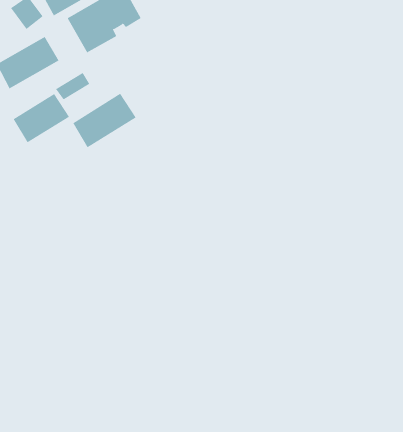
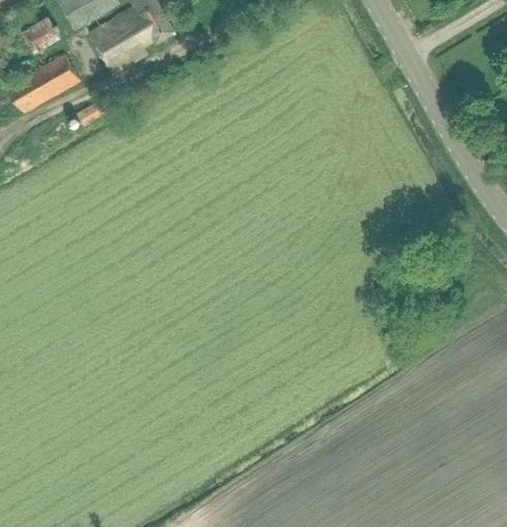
building: [72,93,136,148] -> none
building: [13,93,70,143] -> none

